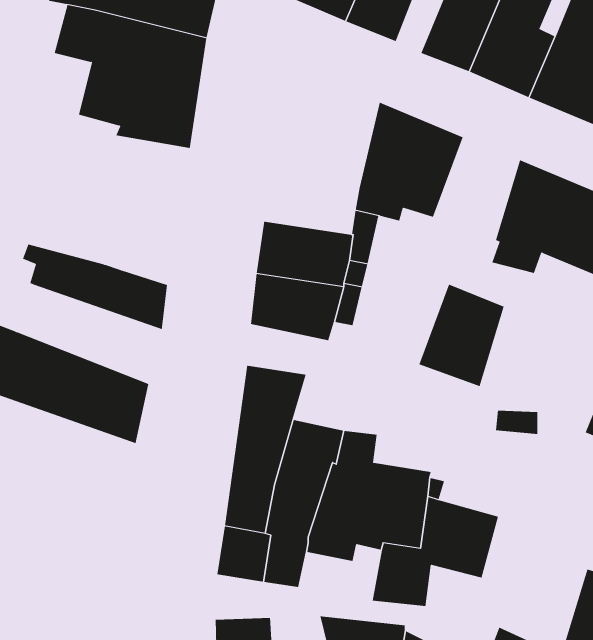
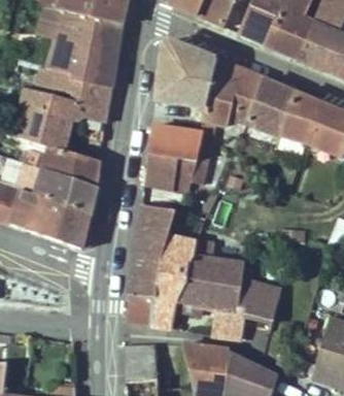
building: none -> [156,40,216,107]
building: none -> [20,66,112,150]
building: [419,284,505,387] -> [246,79,294,136]
building: none -> [16,161,97,216]

